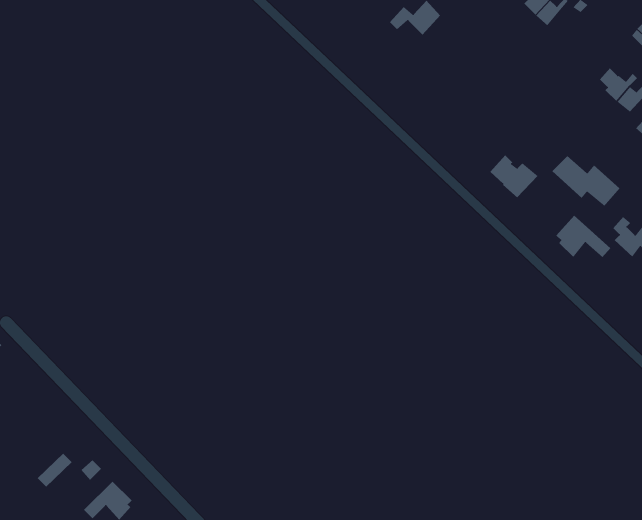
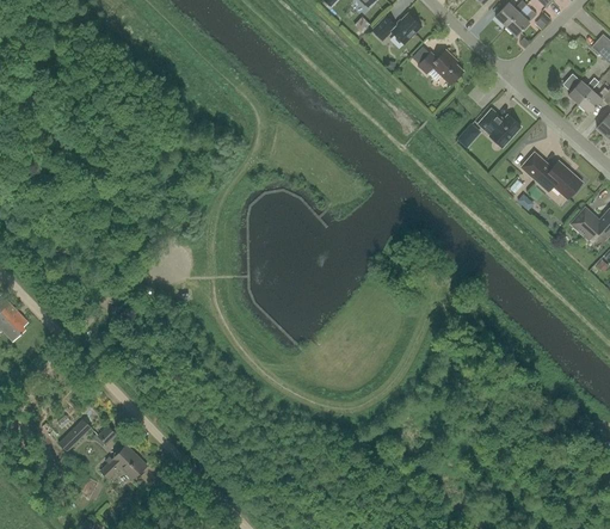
building: none -> [417,49,463,85]
building: [489,154,539,198] -> [476,107,520,147]
building: [555,215,611,258] -> none

